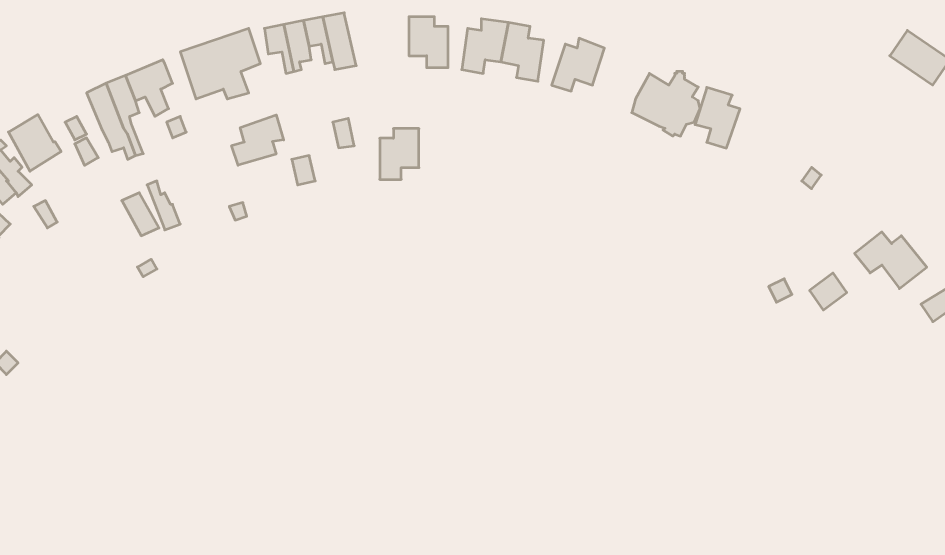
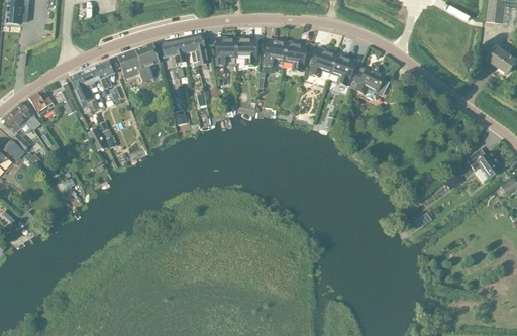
building: [695,87,740,148] -> [332,53,355,85]
building: [232,115,284,165] -> none
building: [380,129,419,179] -> [217,37,237,64]

